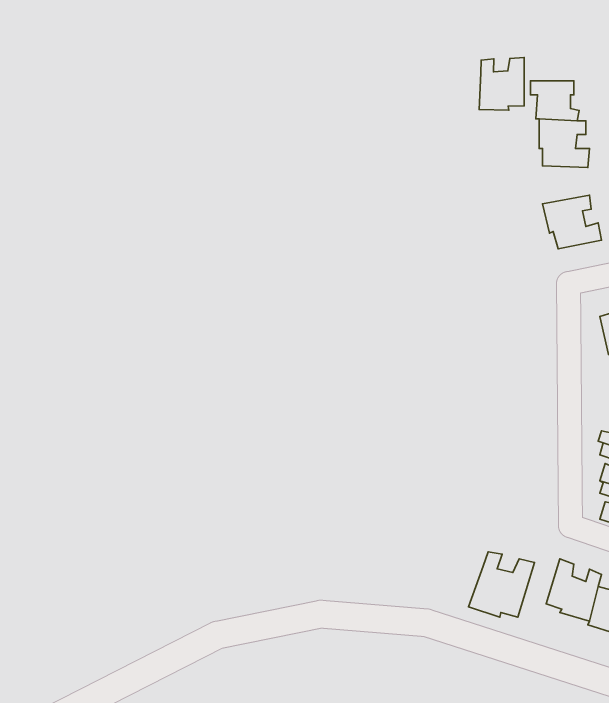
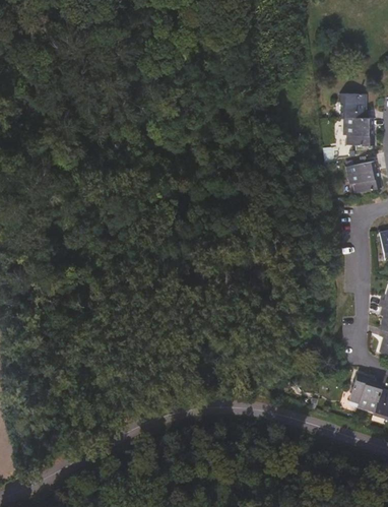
building: [479,58,524,110] -> none
building: [469,552,535,617] -> none

